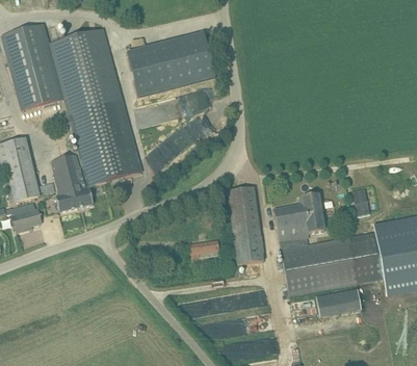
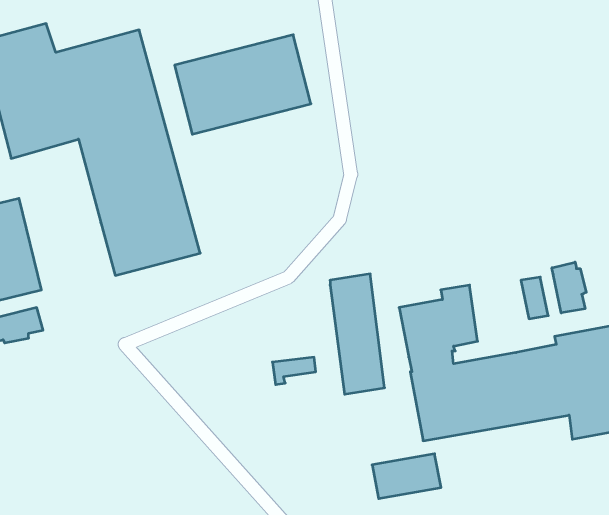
building: [52,152,93,210] -> none
building: none -> [552,262,586,313]
building: [316,287,361,316] -> [372,454,441,499]

